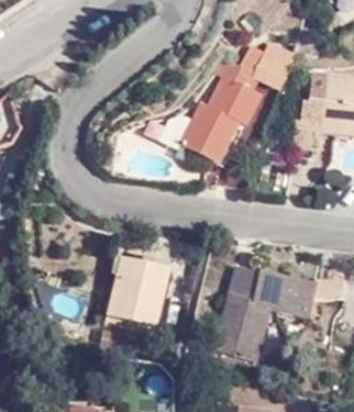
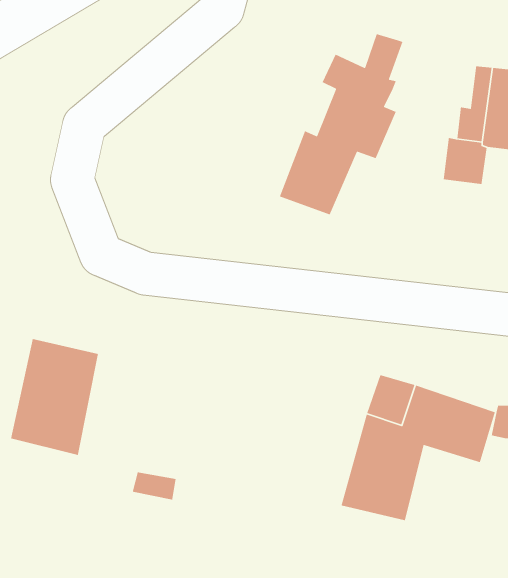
building: [254,41,289,89] -> none
building: [117,260,174,336] -> [10,338,99,456]

